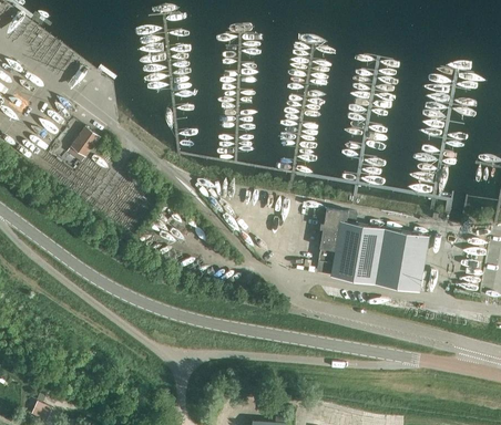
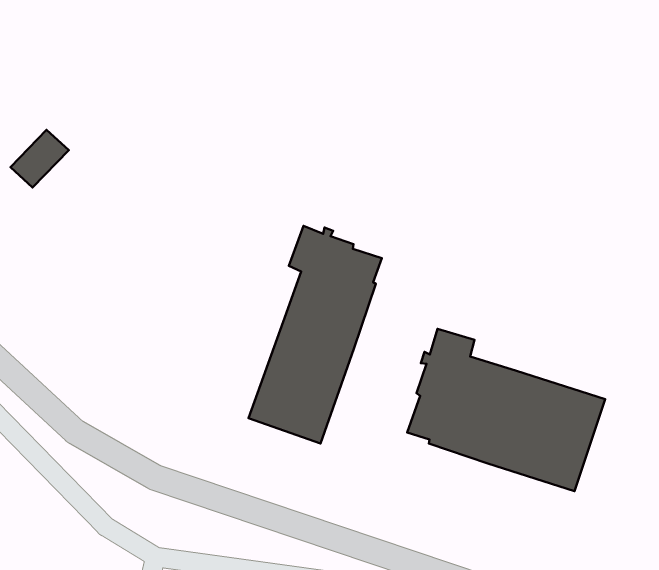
building: none -> [249,226,382,443]

